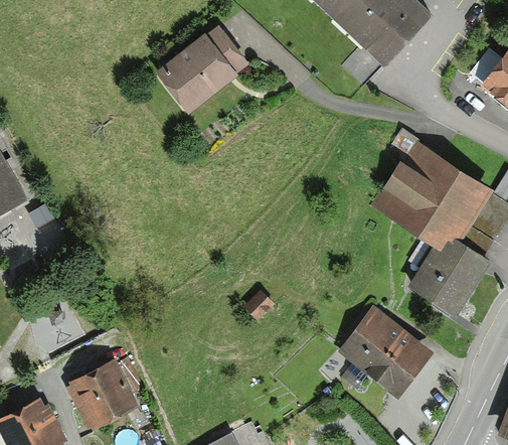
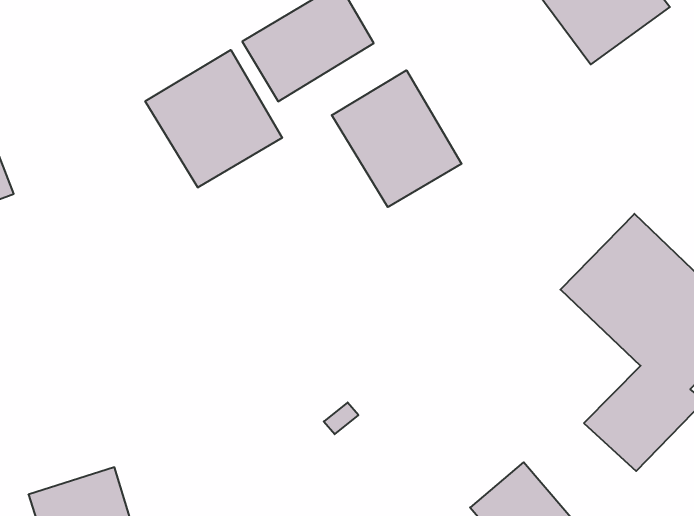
building: none -> [332,70,462,207]
building: none -> [145,50,282,188]

